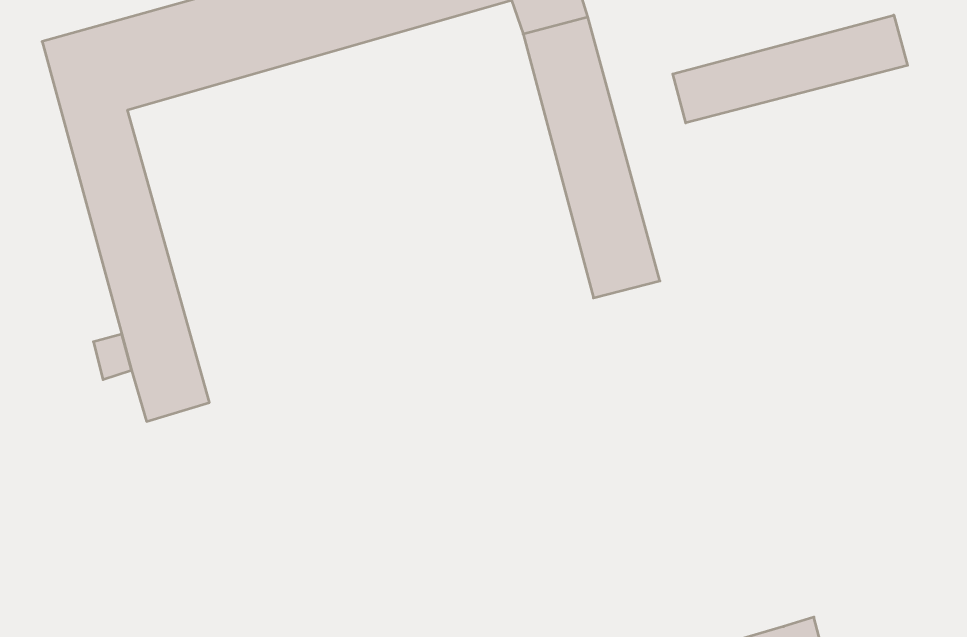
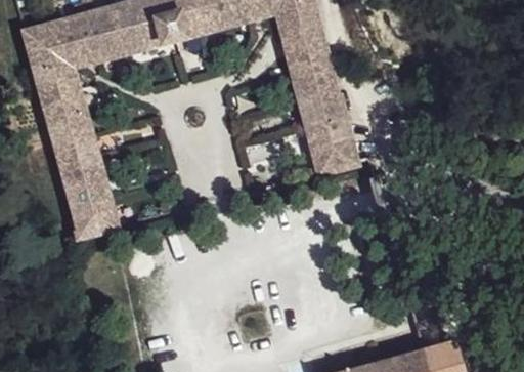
building: [673,15,908,123] -> none

